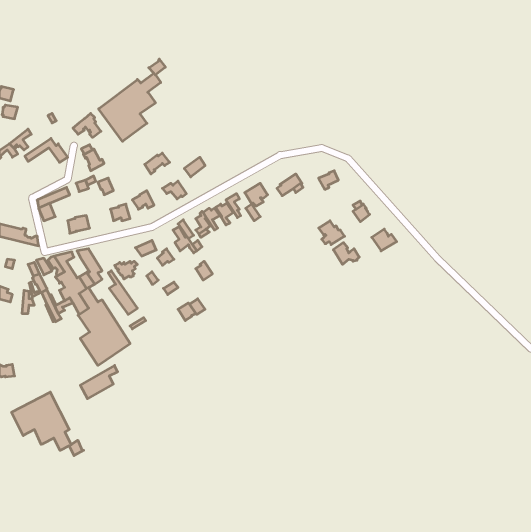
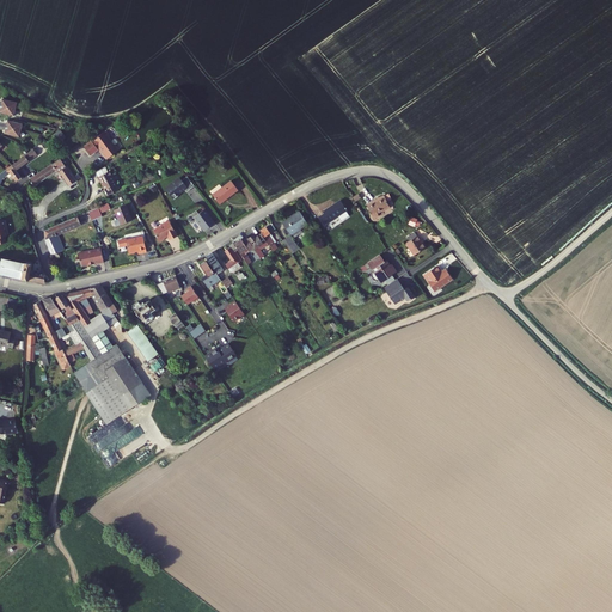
building: [99,59,165,141] -> none
building: [12,392,84,456] -> none

